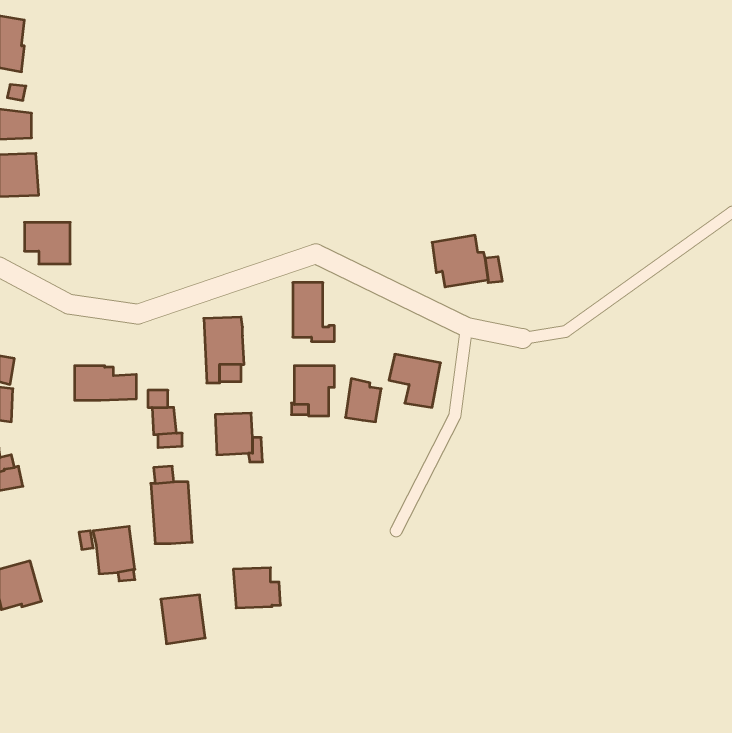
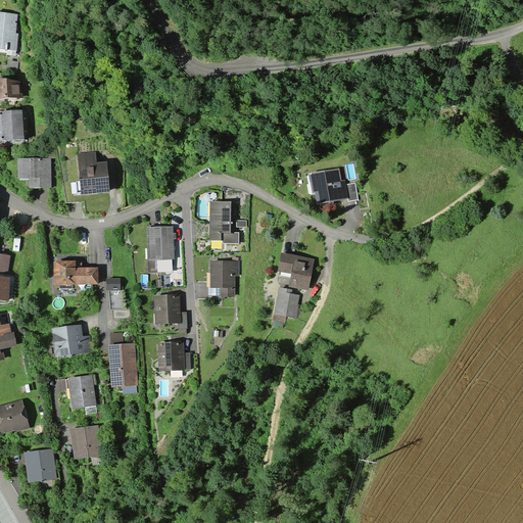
building: none -> [77,151,109,194]
building: [345,379,381,422] -> [274,287,299,318]
building: none -> [51,325,91,356]
building: [233,568,281,608] -> [156,342,190,371]
building: [161,595,205,644] -> [69,425,101,460]
building: none -> [23,448,56,482]

